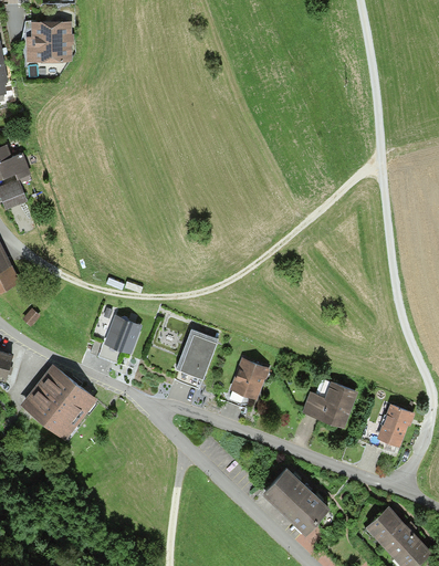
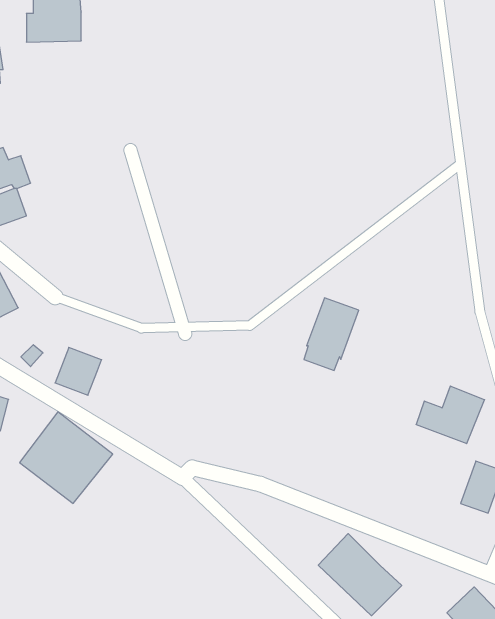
building: [103,315,140,354] -> [55,347,102,395]
building: [174,329,218,388] -> [304,298,359,370]
building: [230,358,269,399] -> none
building: [302,379,357,426] -> [416,386,485,444]

